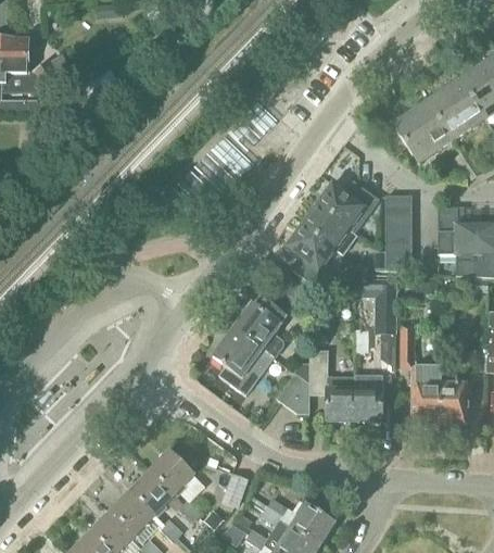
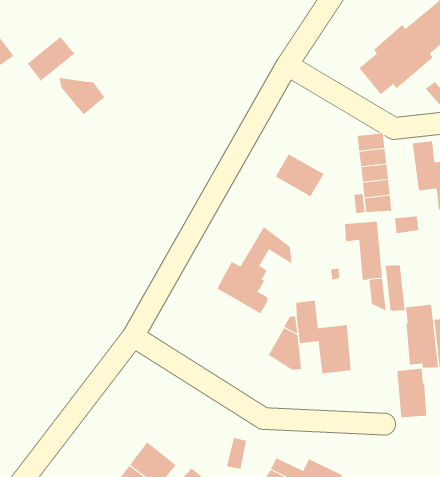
building: none -> [59,77,105,115]
building: [317,180,379,231] -> none
building: [286,225,334,286] -> none
building: [213,327,274,394] -> none
building: [355,375,382,422] -> [396,368,427,418]
building: [150,448,195,493] -> none

